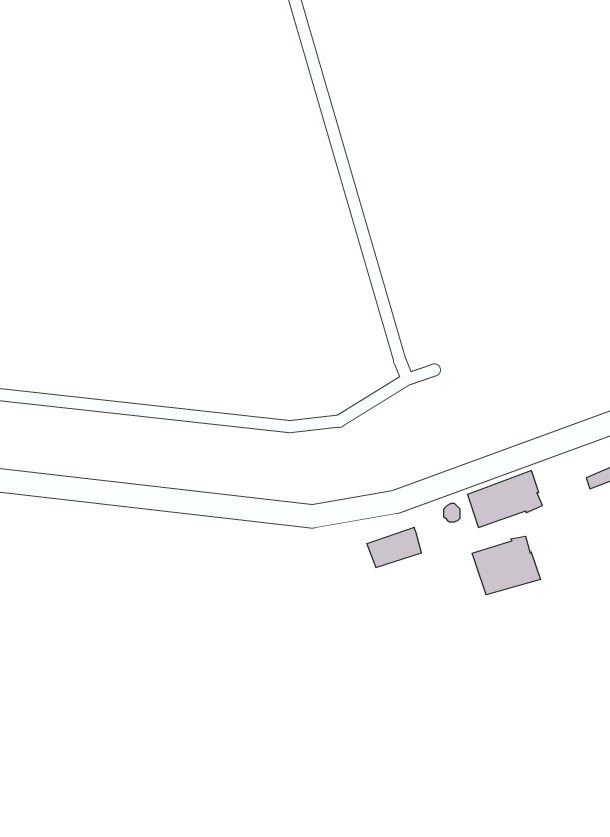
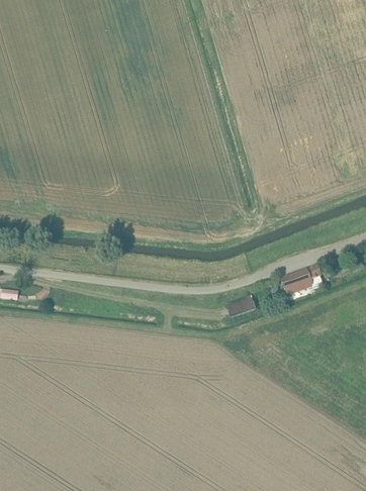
building: [472,536,540,595] -> none

